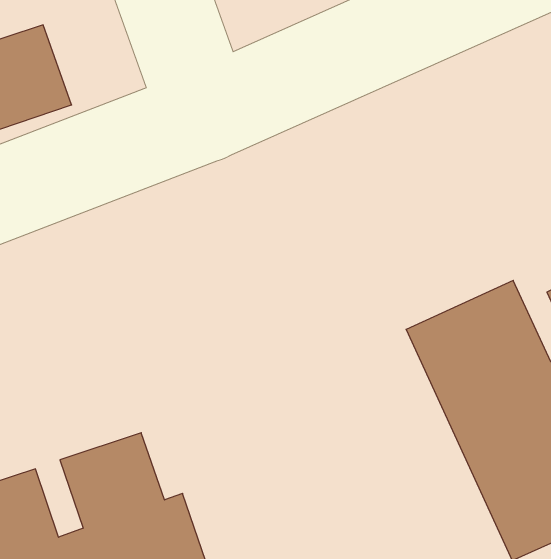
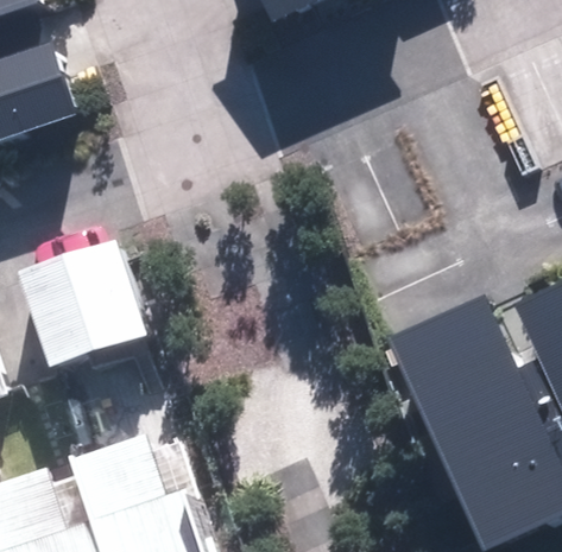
building: none -> [23,253,151,383]

